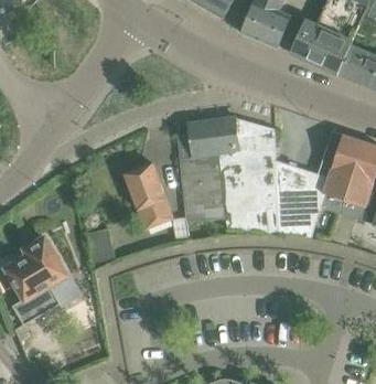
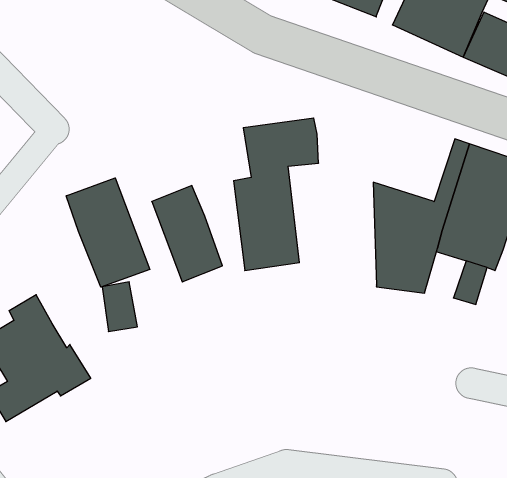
building: [217,122,278,232] -> none
building: none -> [66,178,150,287]

